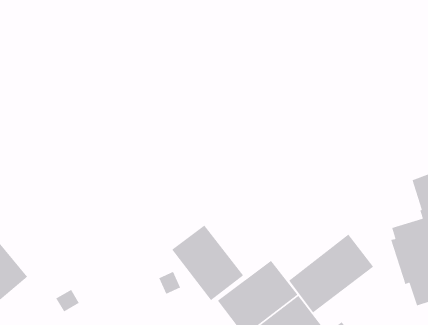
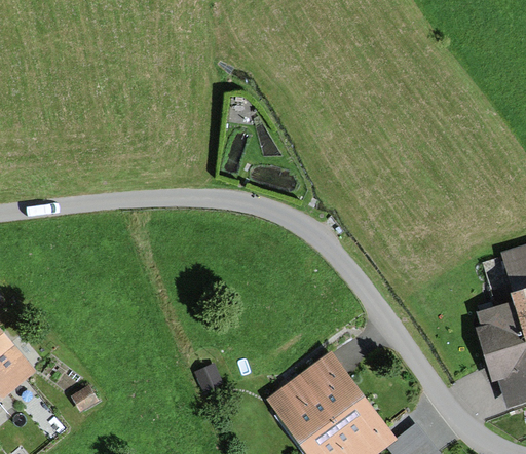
building: [171,225,244,301] -> none
building: [288,234,374,314] -> none

